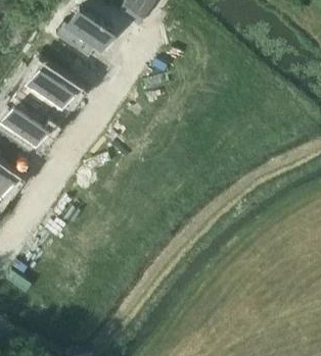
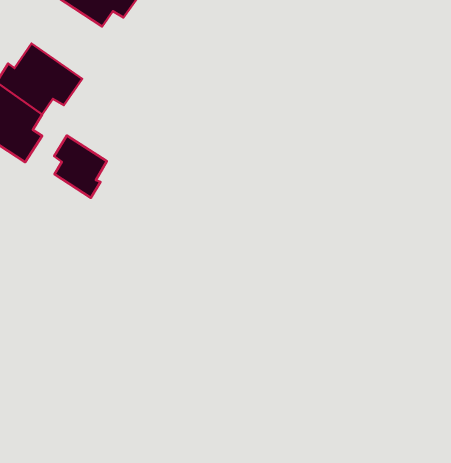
building: none -> [54,135,107,198]

